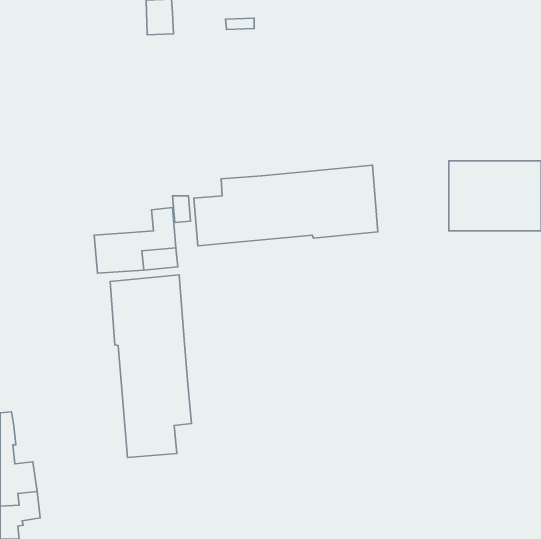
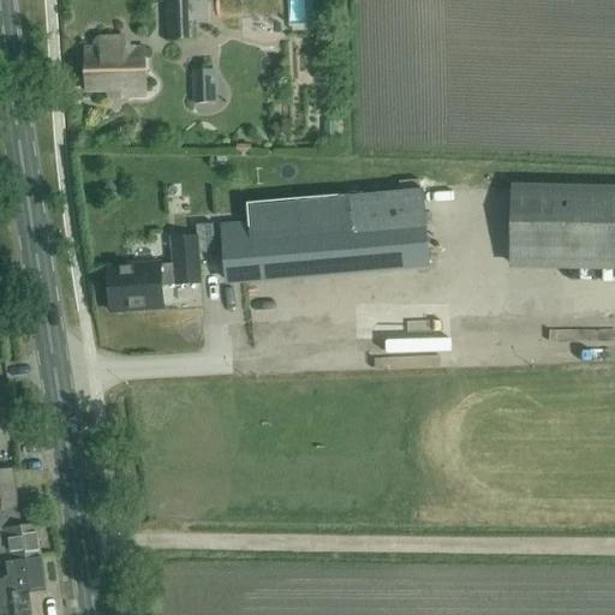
building: none -> [85,37,147,95]
building: none -> [193,68,216,102]
building: [110,275,192,458] -> none

